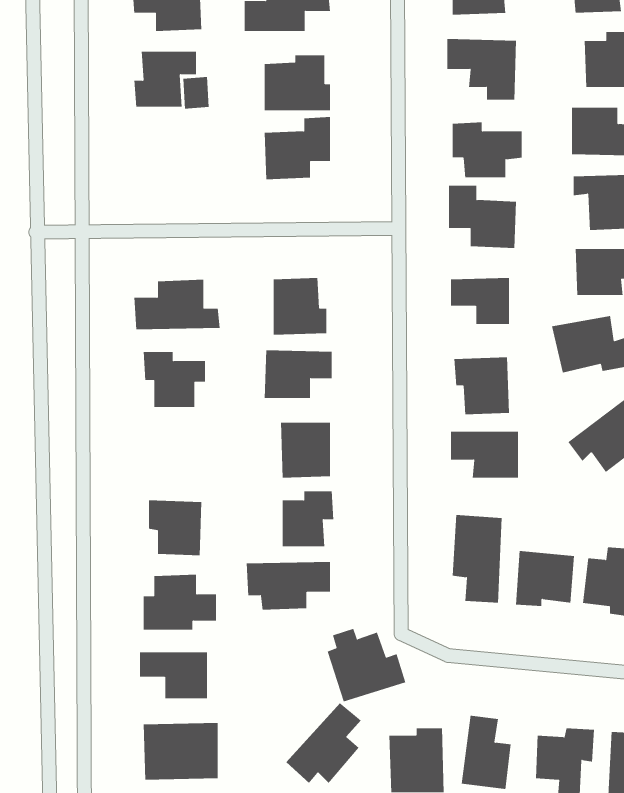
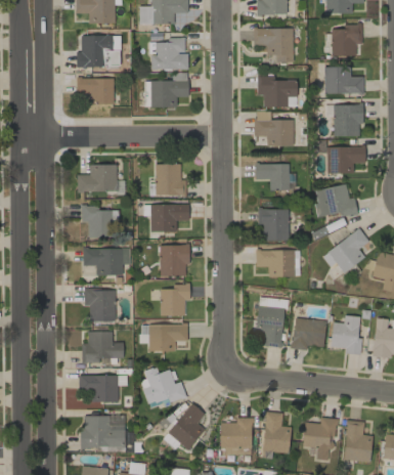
building: none -> [77,78,114,103]
building: none -> [83,248,131,275]
building: [327,628,406,702] -> [141,366,186,408]

